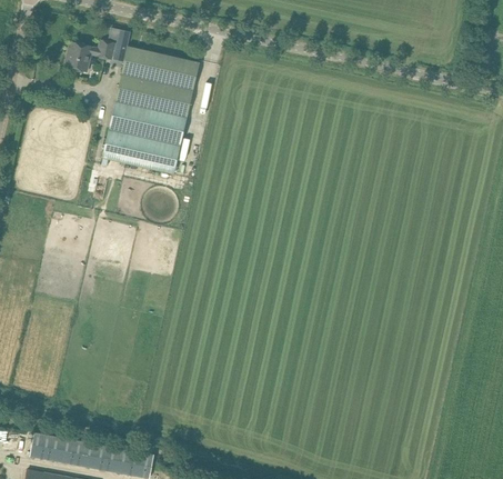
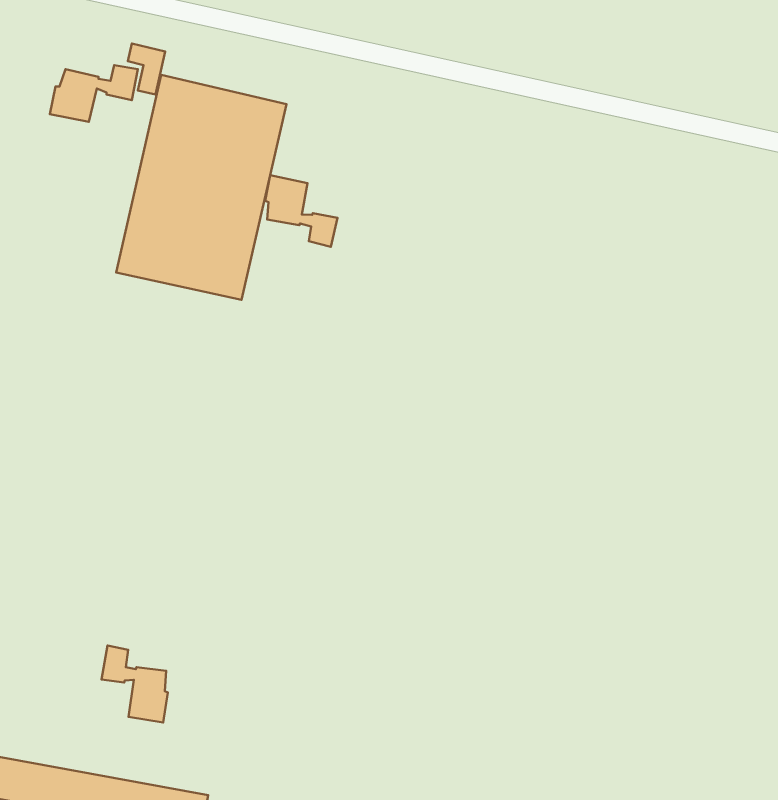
building: none -> [265,175,337,247]
building: none -> [101,645,168,723]

